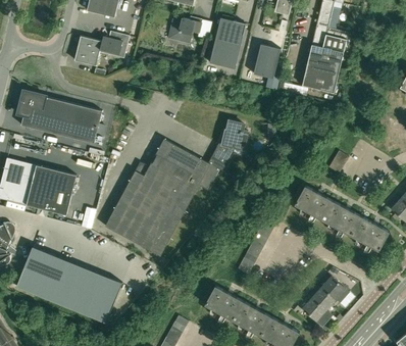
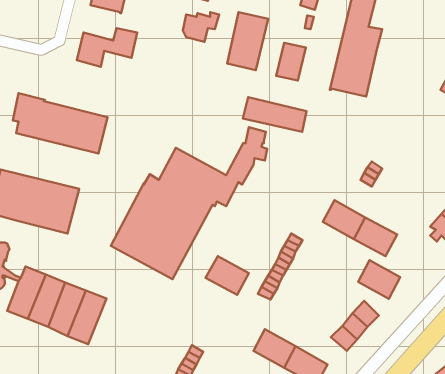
building: none -> [243,97,306,132]
building: [351,216,389,251] -> [358,260,400,299]
building: [85,274,118,322] -> none
building: [204,286,243,320] -> [205,256,249,295]

